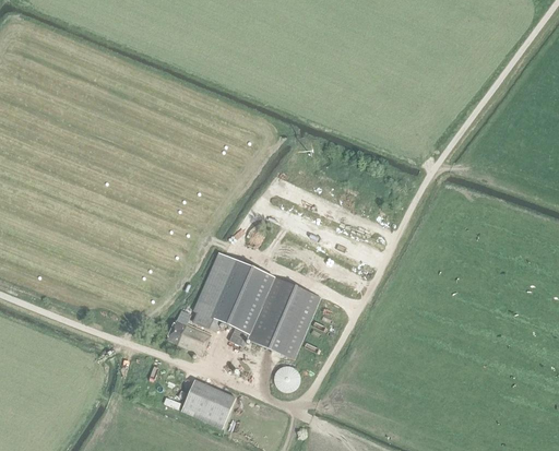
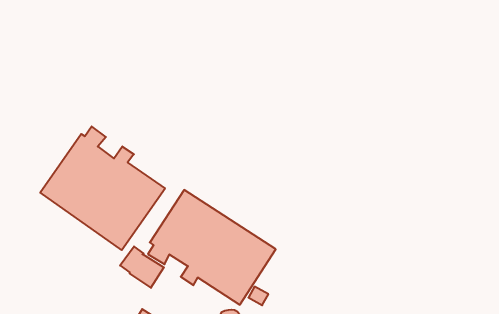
building: none -> [40,126,165,250]

